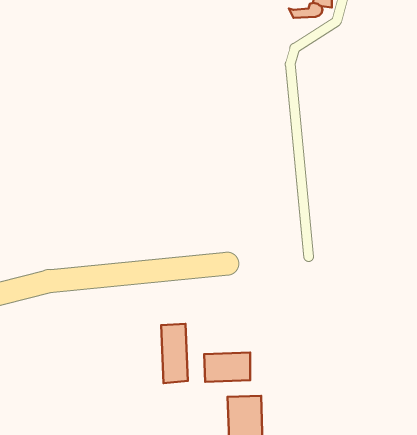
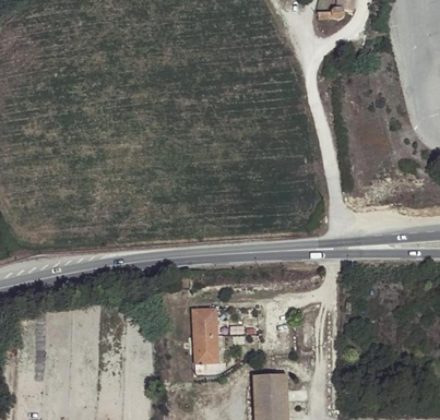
building: [204,352,250,382] -> none

